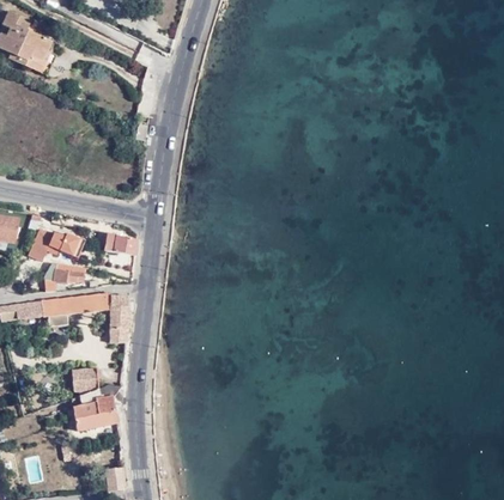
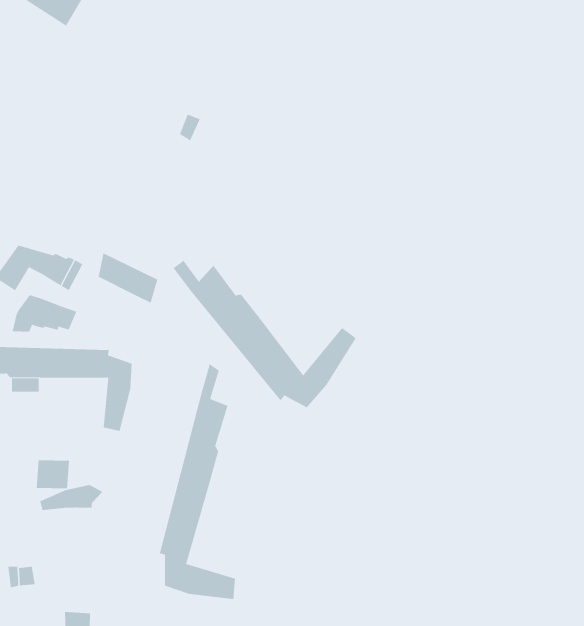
building: none -> [173,260,356,408]
building: none -> [159,363,236,600]
building: [71,400,115,431] -> none

